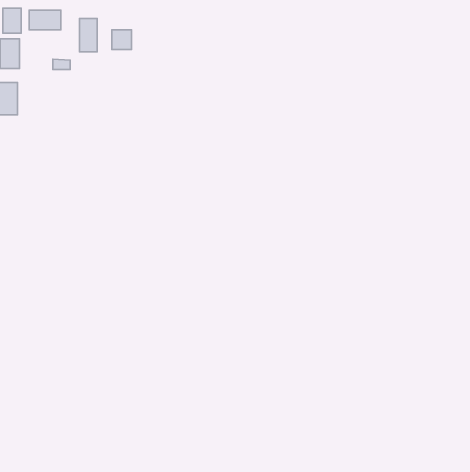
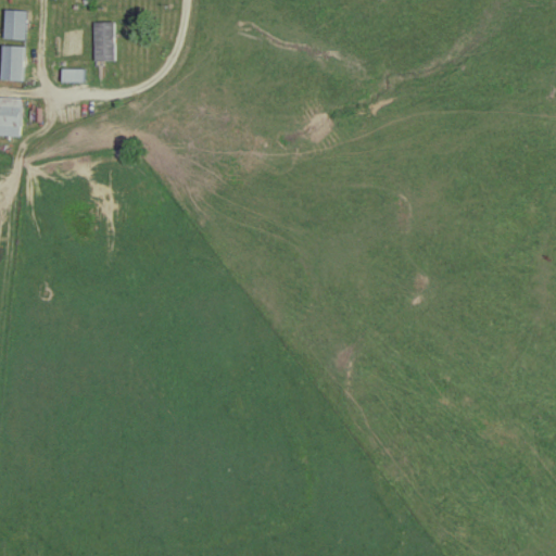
building: [29,10,61,30] -> none
building: [112,30,132,49] -> none

